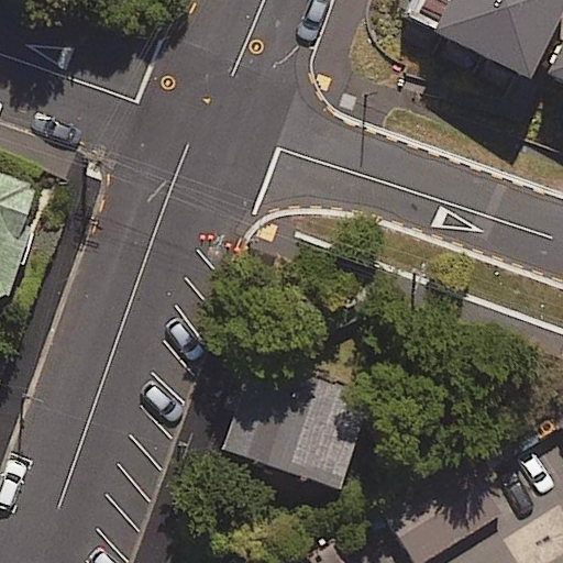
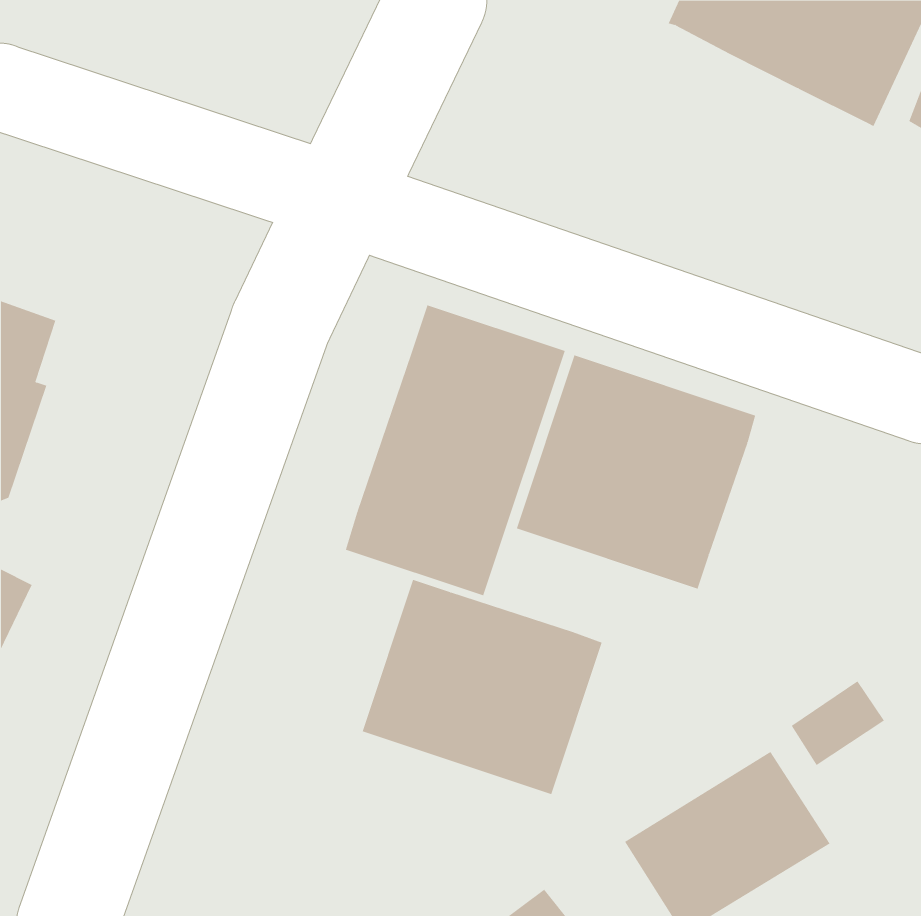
building: none -> [345,304,565,596]
building: none -> [516,354,756,589]

